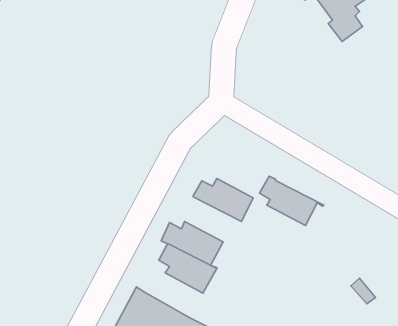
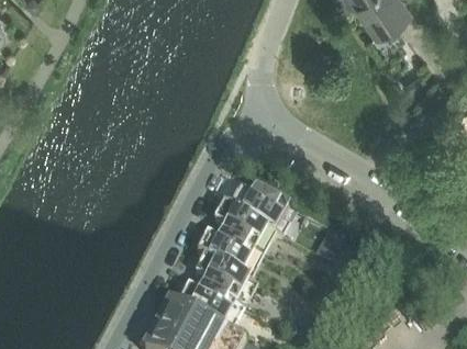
building: [259,176,324,225] -> [213,202,279,252]
building: none -> [178,284,240,330]

